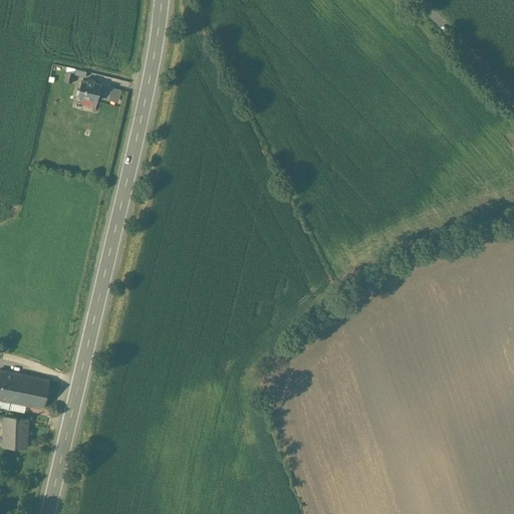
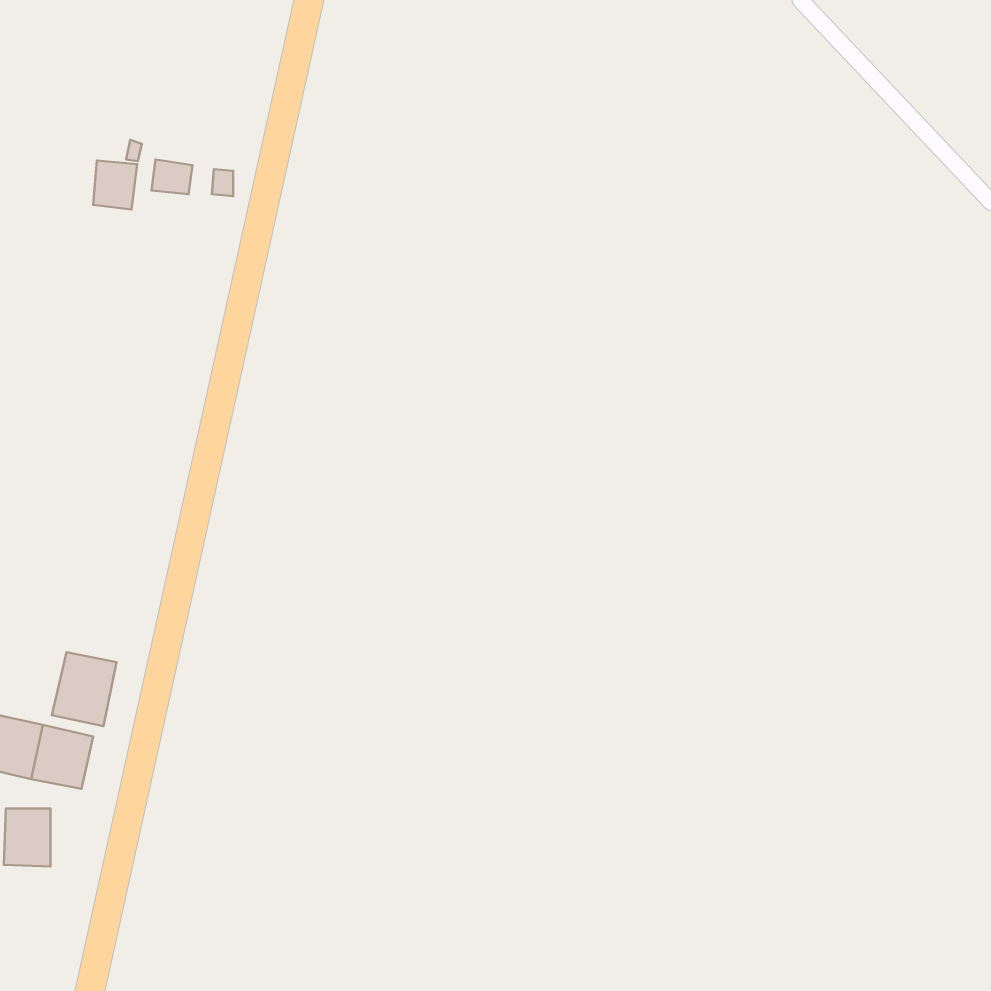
building: none -> [93,161,137,210]
building: none -> [52,652,117,726]

